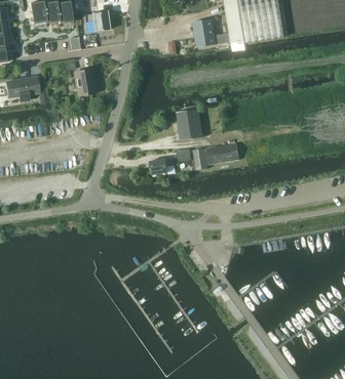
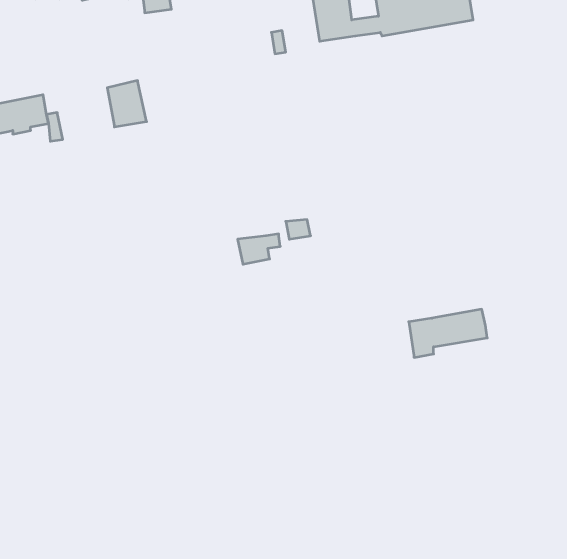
building: [177,108,203,138] -> none
building: [193,141,238,169] -> [409,309,487,357]

